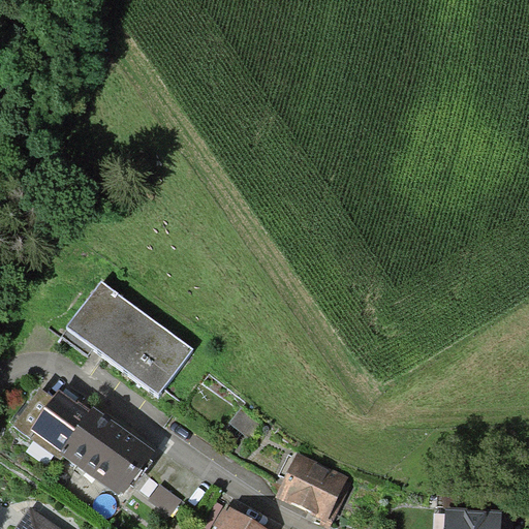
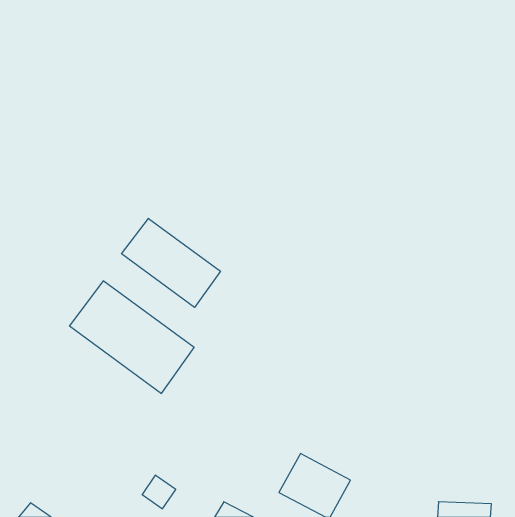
building: none -> [122,218,220,307]
building: [13,388,146,487] -> none

